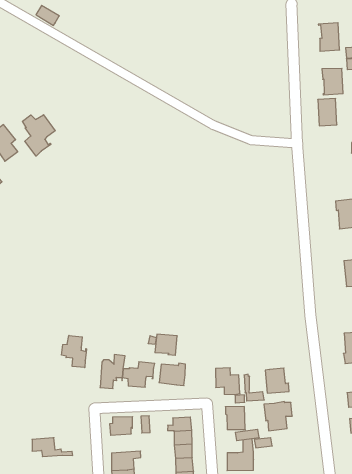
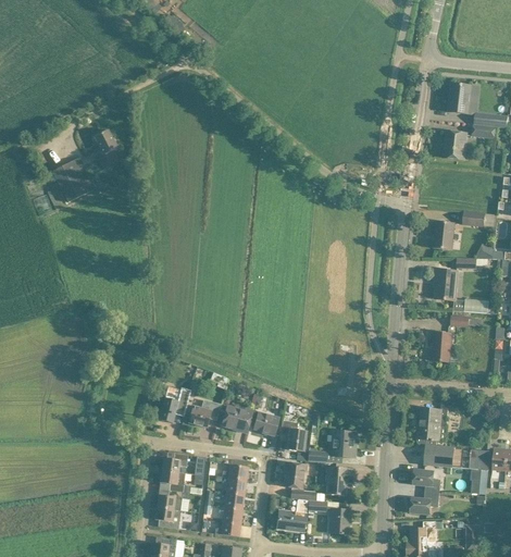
building: [318,99,337,126] -> [434,220,456,249]
building: [22,115,55,156] -> none
building: [155,334,177,355] -> [253,410,279,435]
building: [62,335,87,368] -> none
building: [32,438,73,457] -> [160,470,201,494]
building: none -> [329,508,351,533]

